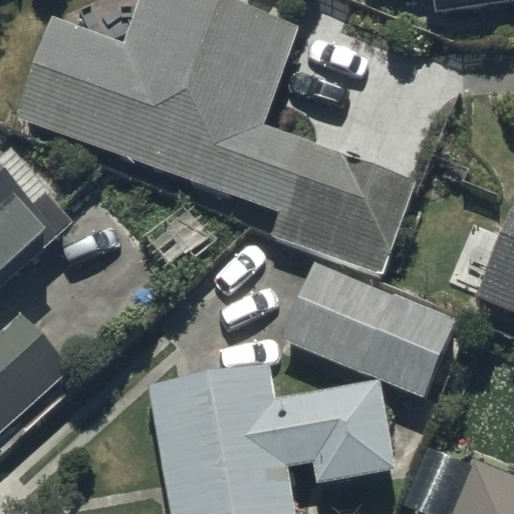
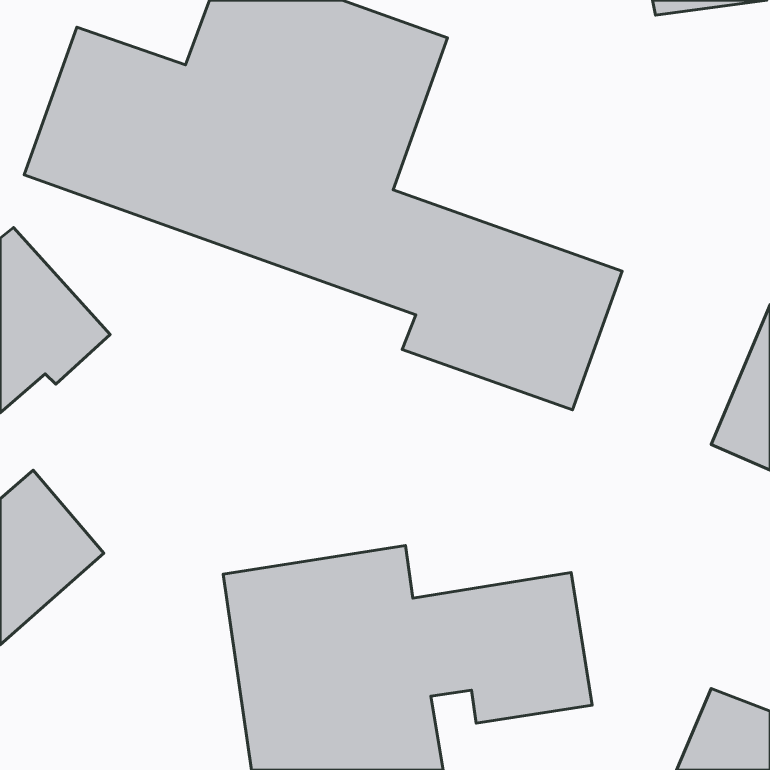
building: [283,262,460,400] -> none

